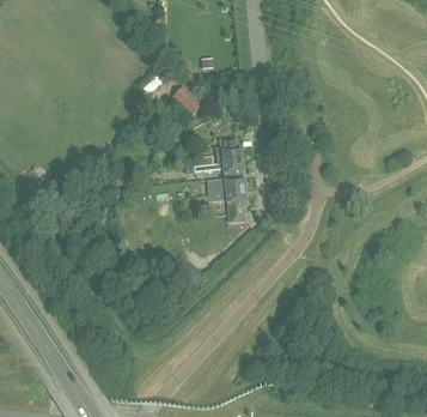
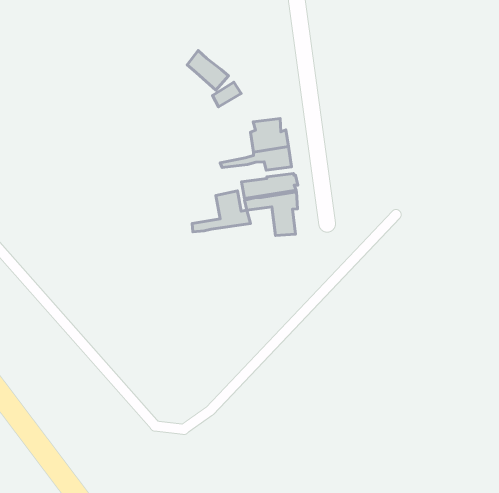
building: none -> [192,191,250,232]

